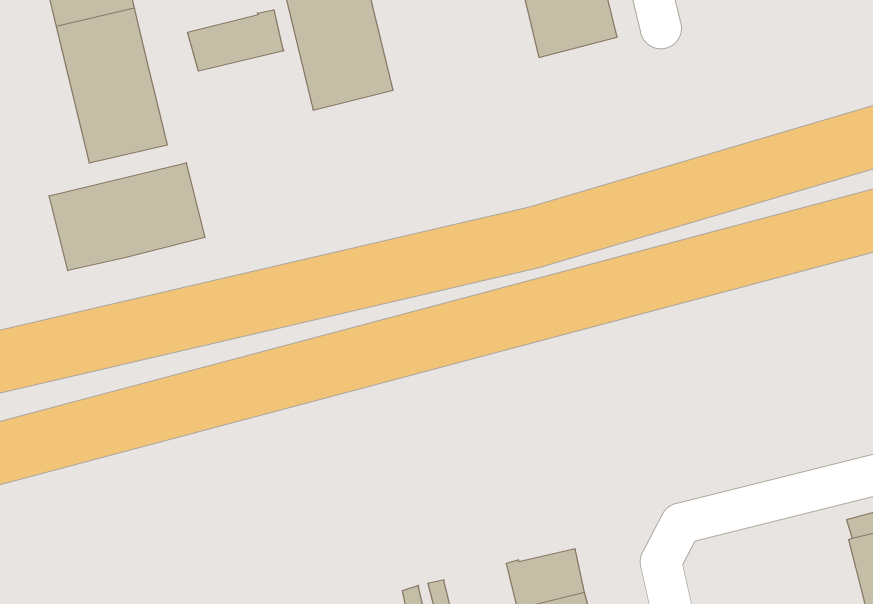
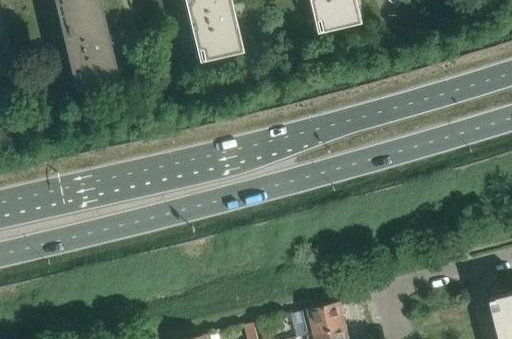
building: [188,10,284,71] -> none
building: [49,163,205,271] -> none

